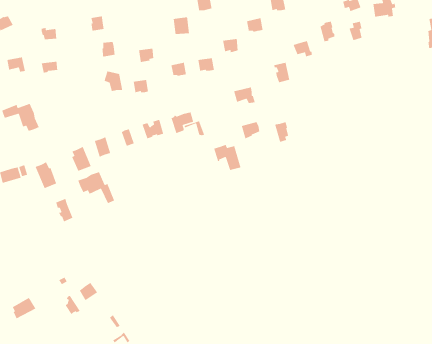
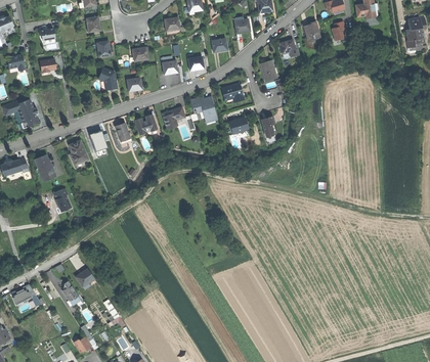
building: [213,144,241,171] -> [190,96,217,122]
building: [77,171,115,204] -> none

